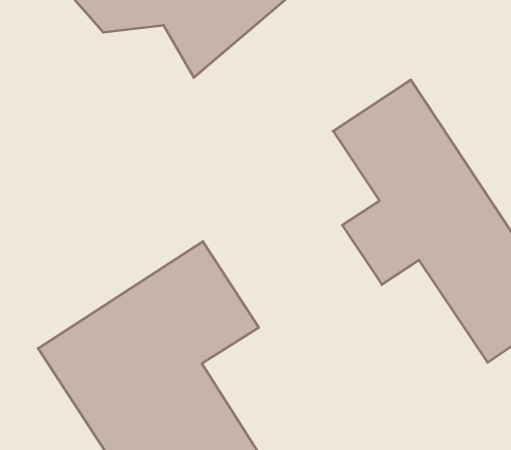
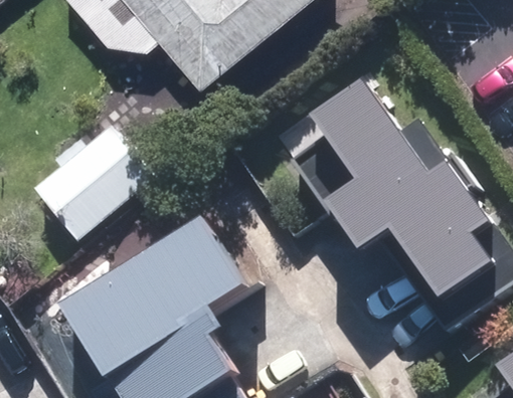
building: none -> [31,126,150,242]

